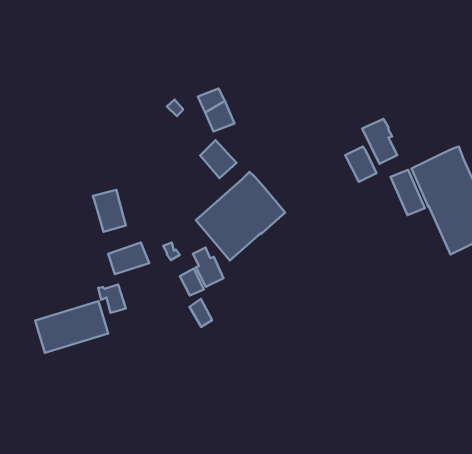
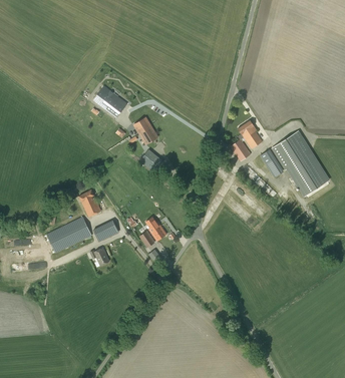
building: none -> [92,85,127,118]
building: [196,172,285,260] -> none
building: [35,301,108,353] -> [46,217,92,254]

